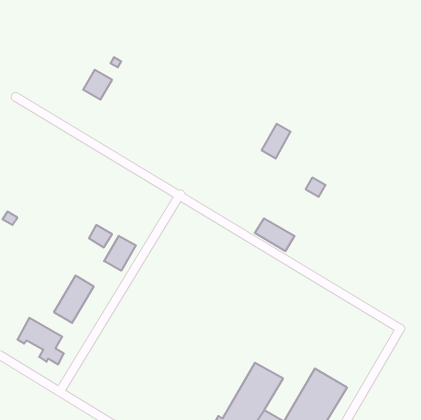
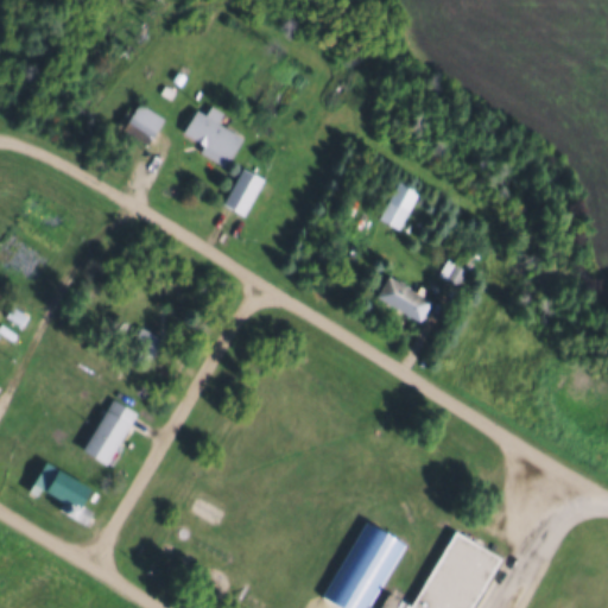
building: none -> [183,108,243,163]
building: none -> [222,170,267,220]
building: [255,219,295,251] -> [376,279,433,325]
building: [104,236,136,271] -> none

